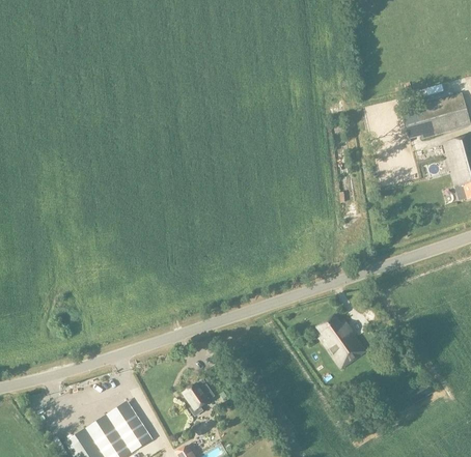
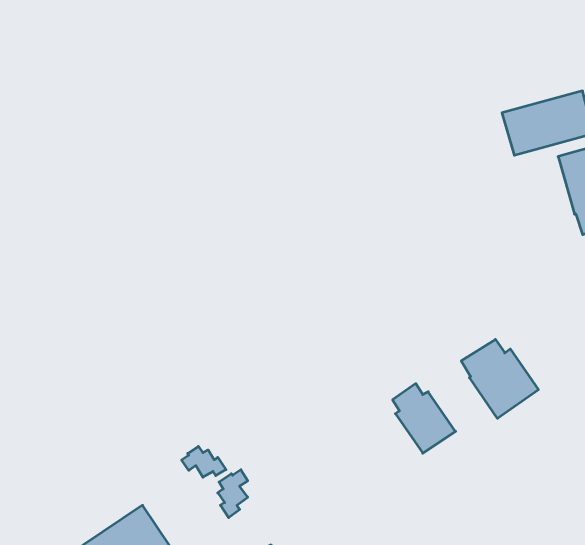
building: none -> [461,339,538,418]
building: none -> [182,446,226,477]

